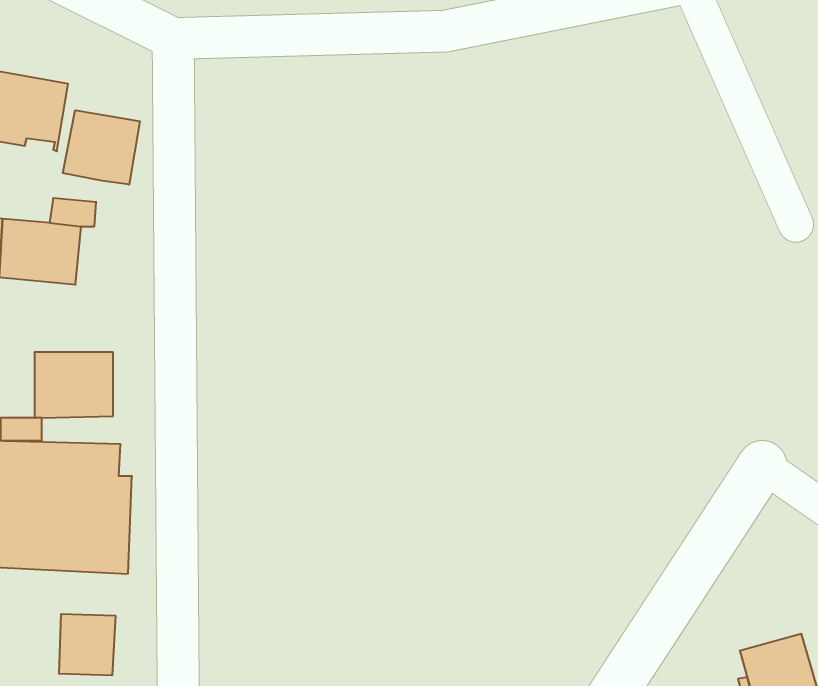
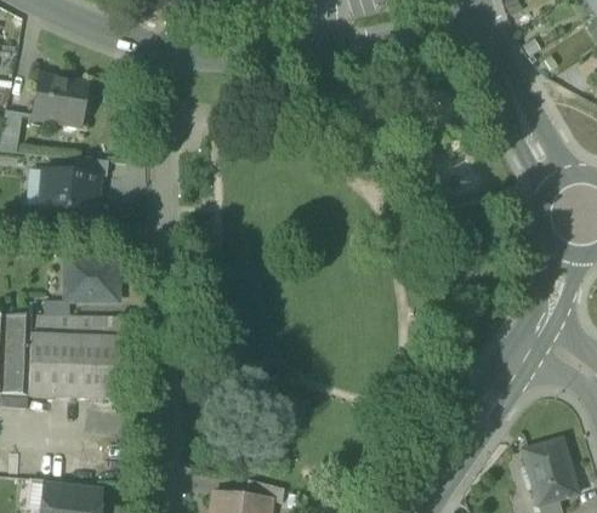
building: [63,110,140,185] -> none
building: [59,614,115,675] -> none

